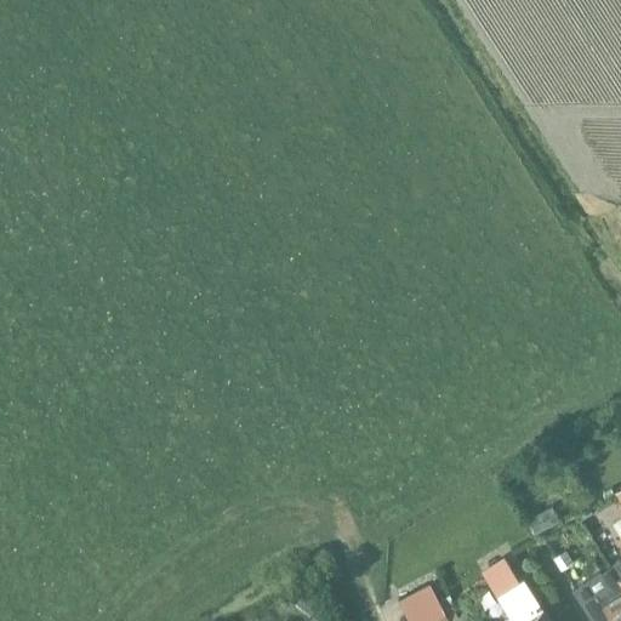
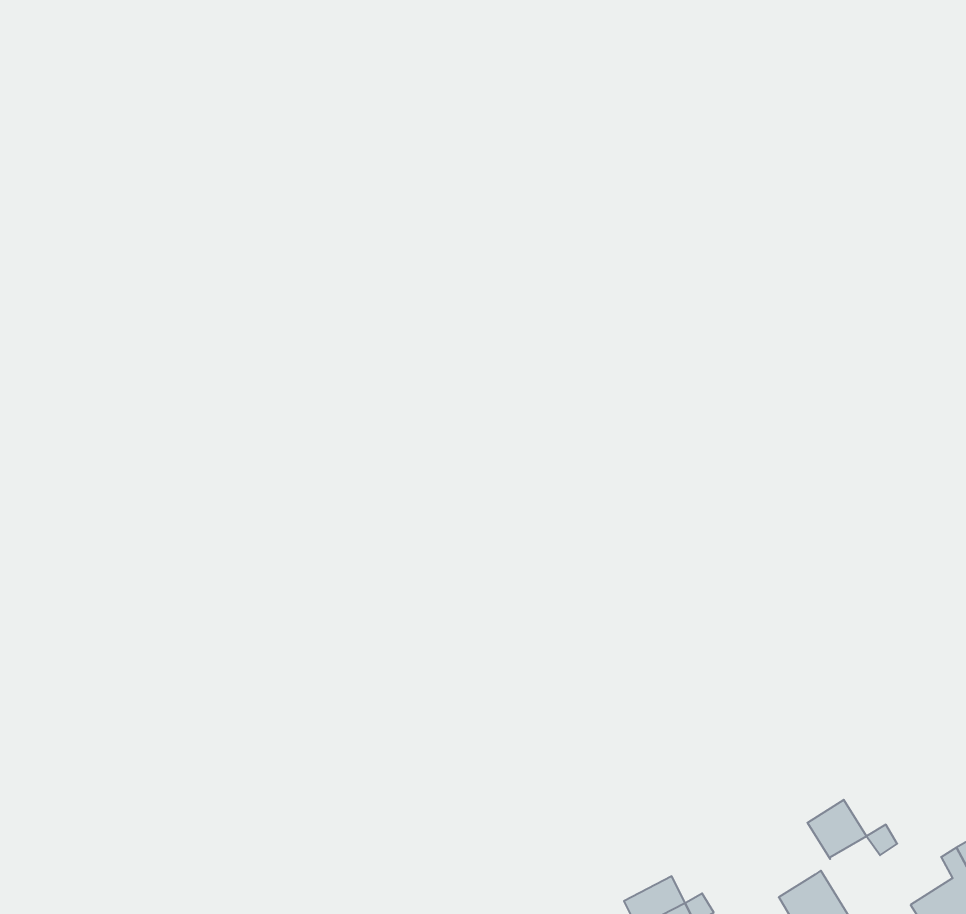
building: [482,562,519,599] -> [807,800,867,859]

